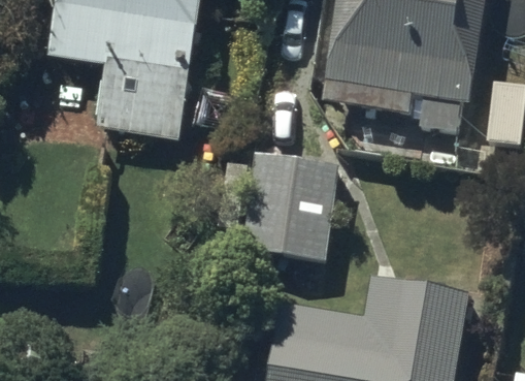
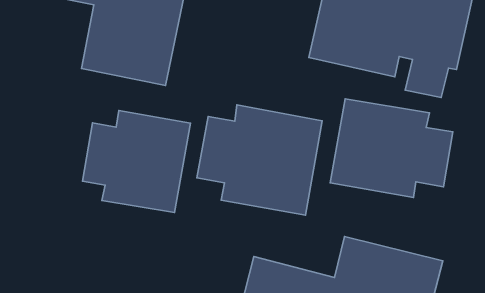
building: none -> [330,99,453,198]
building: none -> [83,111,190,212]

